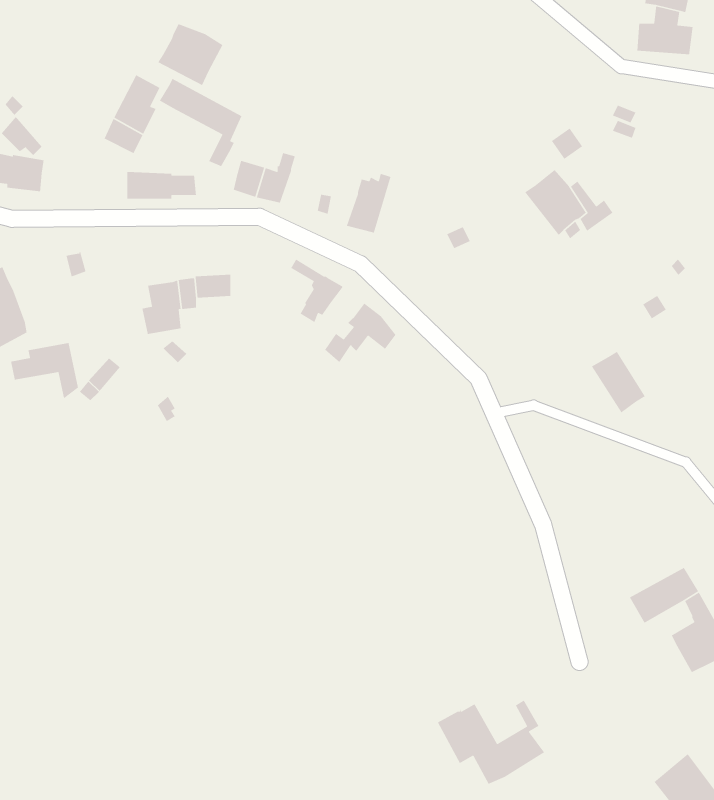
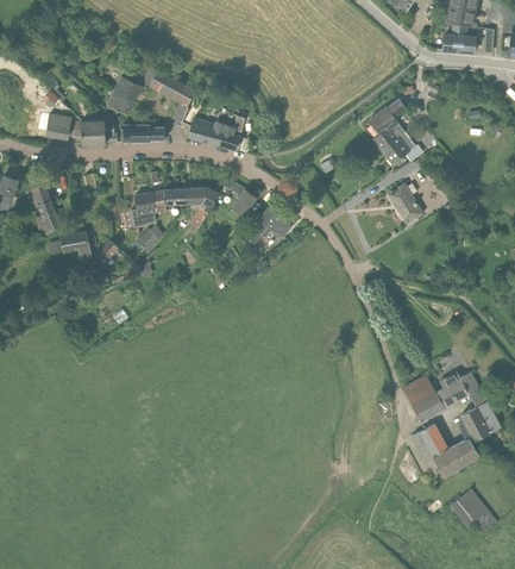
building: [157,23,223,86] -> none
building: none -> [366,104,403,133]
building: none -> [81,120,117,144]
building: [346,173,392,234] -> [218,111,246,149]
building: none -> [187,187,218,233]
building: [591,351,646,414] -> [388,183,422,223]
building: none -> [403,375,445,421]
building: [437,699,545,785] -> [410,421,478,475]

